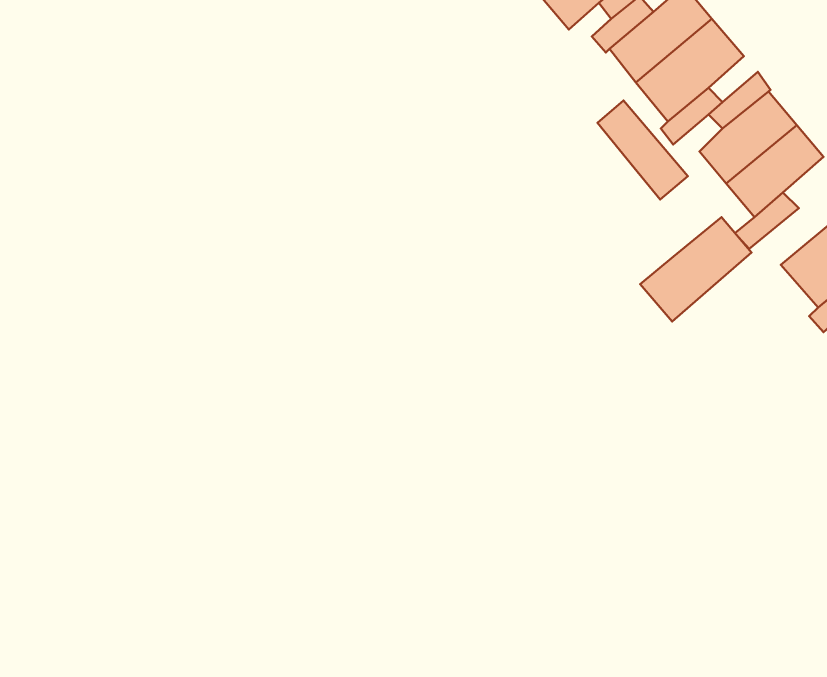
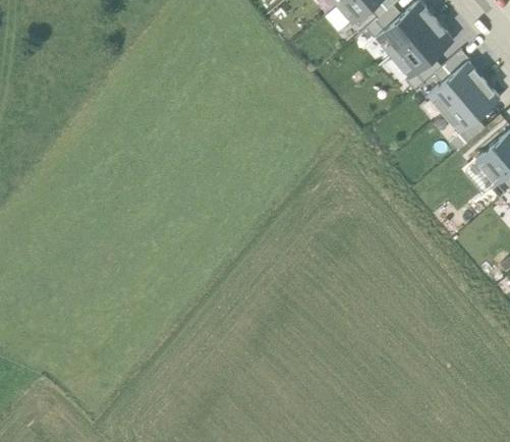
building: [597,100,688,200] -> none
building: [640,217,752,322] -> none

